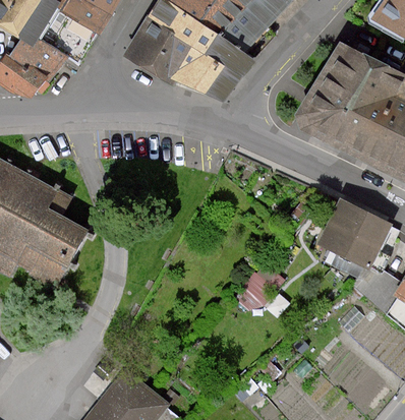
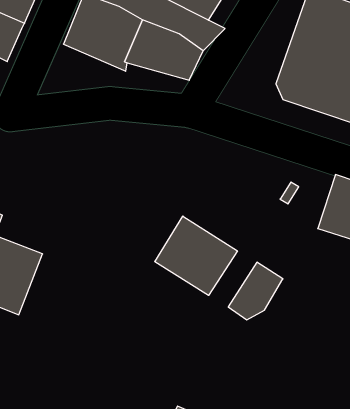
building: none -> [155,216,237,295]

